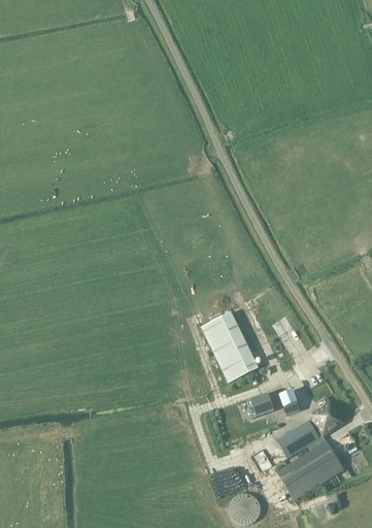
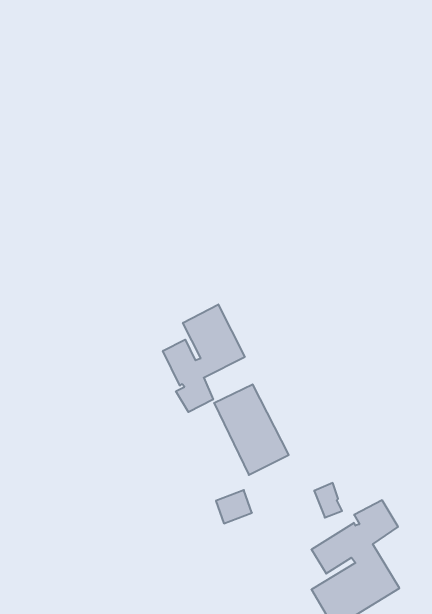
building: none -> [163,304,245,412]
building: [246,392,274,418] -> [216,490,252,523]

